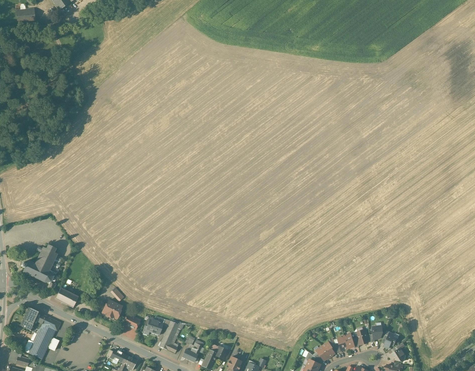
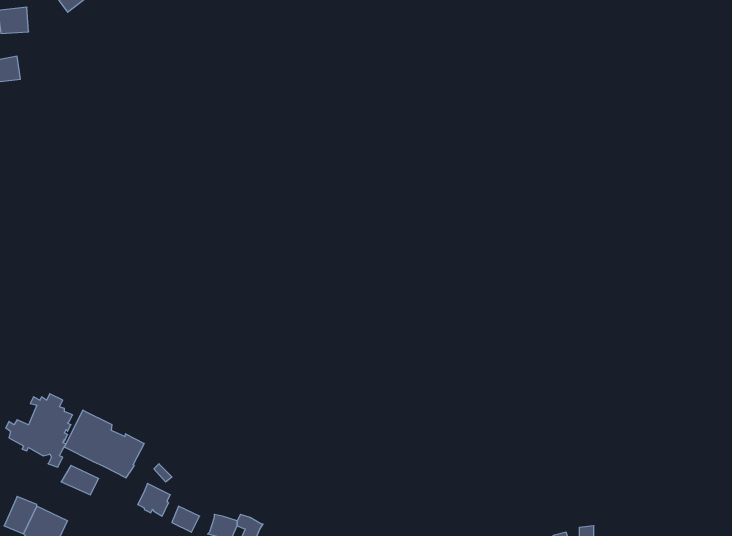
building: none -> [65,410,144,478]

